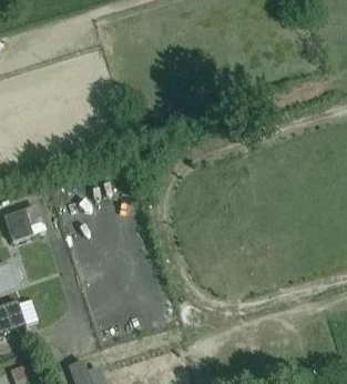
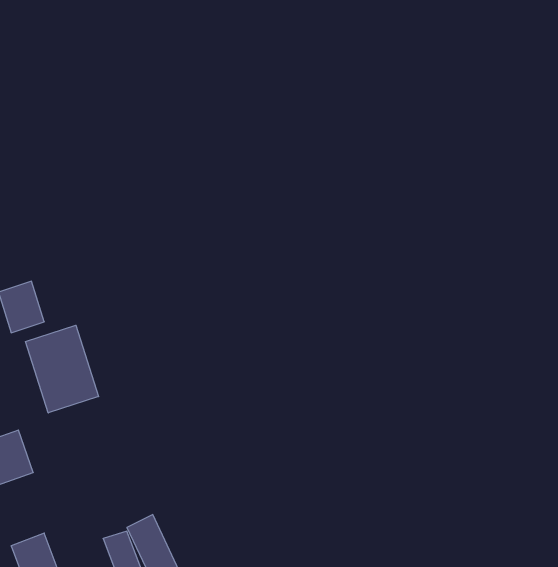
building: none -> [26,325,99,413]

